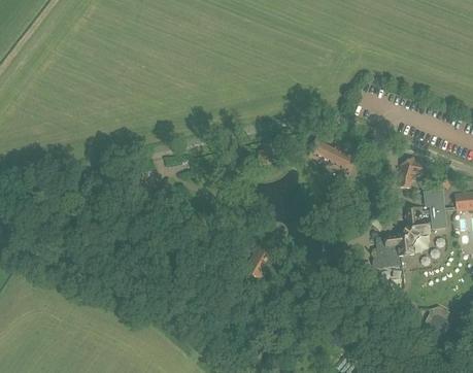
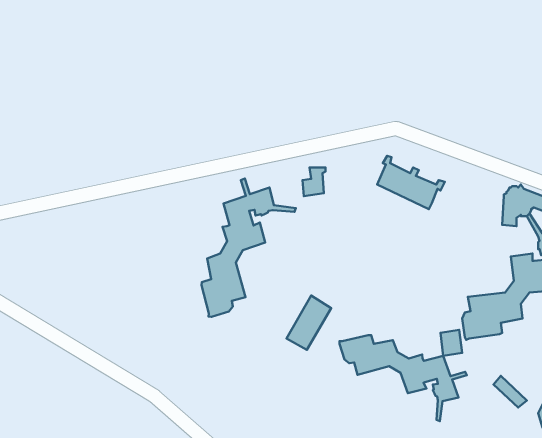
building: none -> [202,178,296,317]
building: none -> [339,335,467,421]

